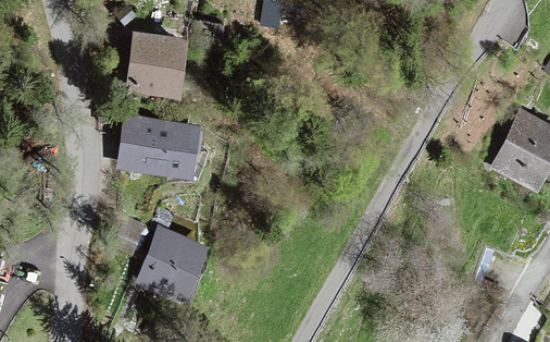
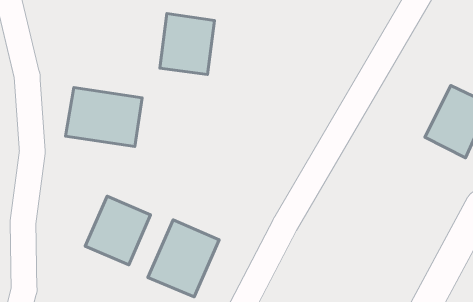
building: [128,33,186,97] -> [160,13,215,75]
building: none -> [148,220,219,297]

